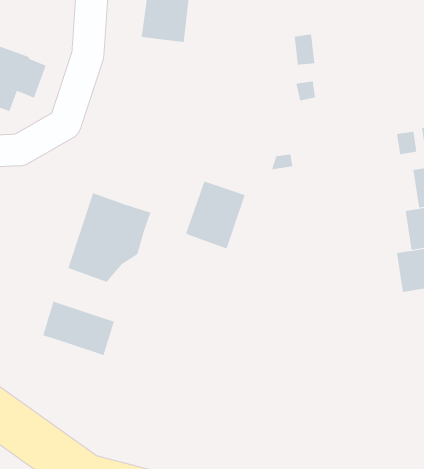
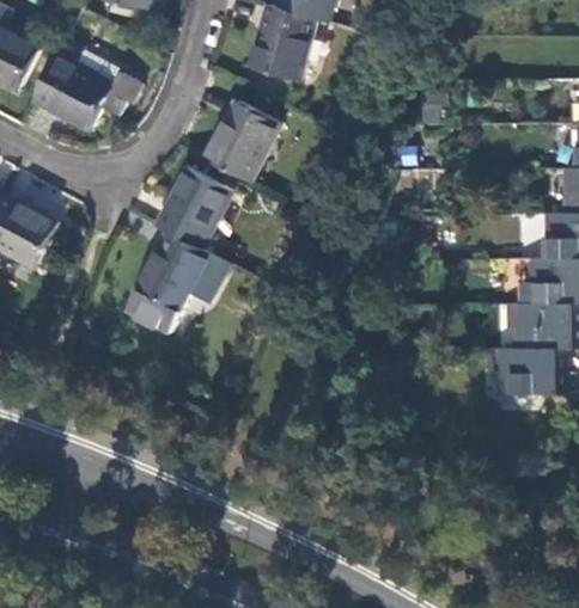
building: none -> [206,100,279,179]
building: [185,181,246,249] -> [157,168,231,248]
building: [43,301,115,356] -> none

